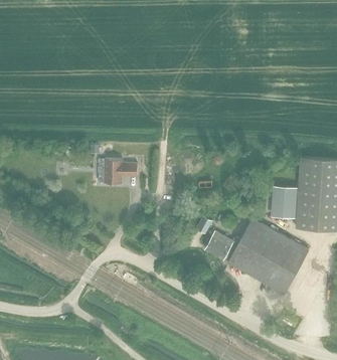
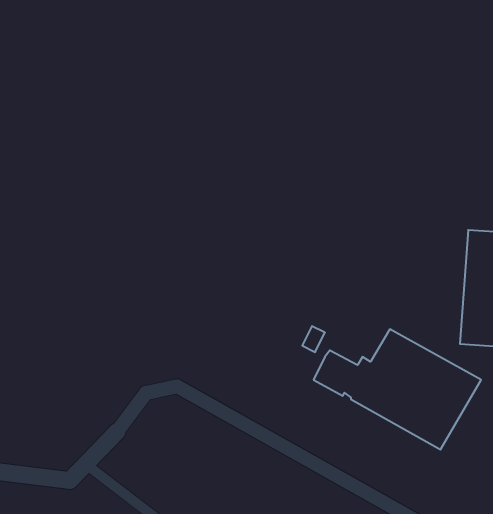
building: [103,159,136,184] -> none
building: [270,186,295,219] -> none

